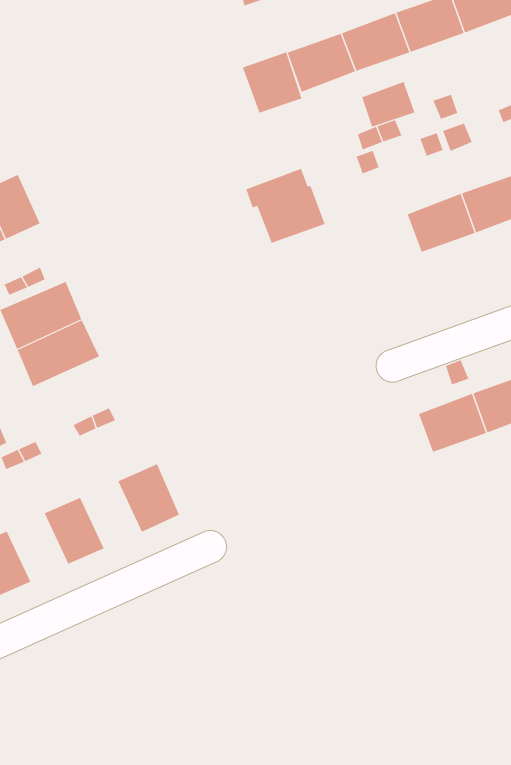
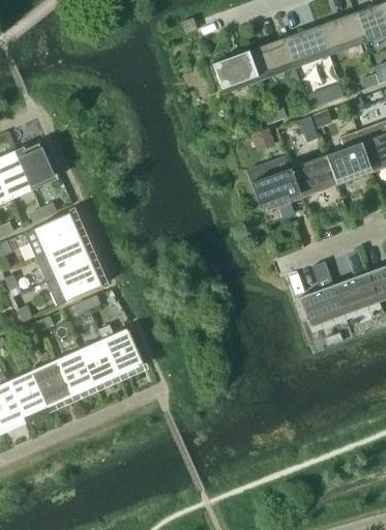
building: [242,51,302,114] -> none
building: [361,81,415,128] -> none
building: [246,168,326,243] -> [248,158,300,207]
building: none -> [49,262,102,306]
building: none -> [80,343,119,386]
building: none -> [32,363,71,408]

